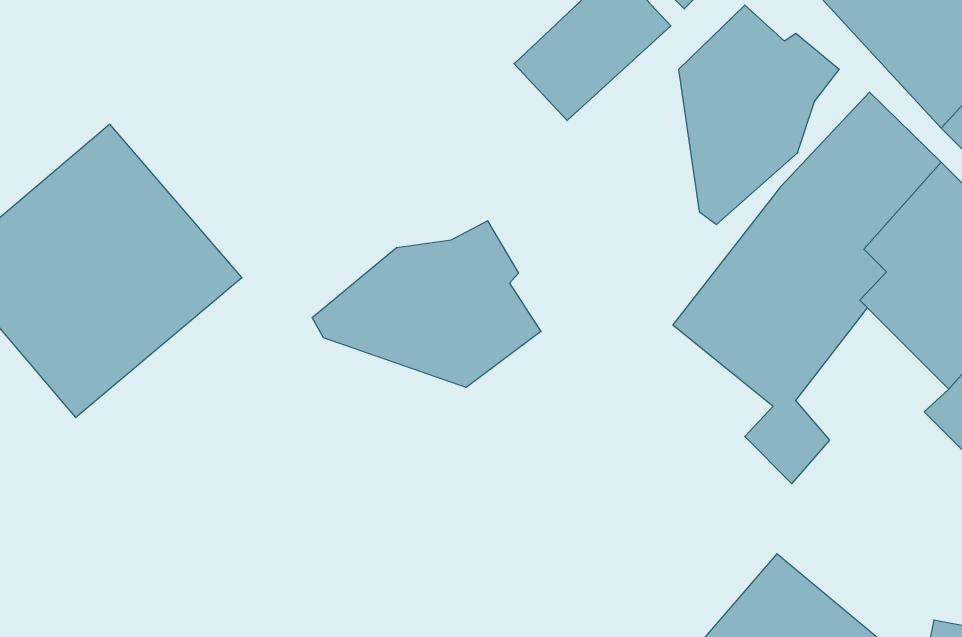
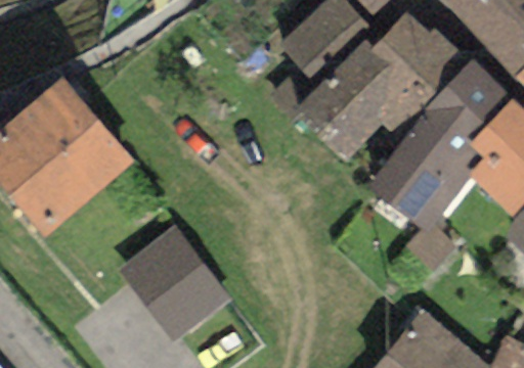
building: none -> [293,39,381,162]
building: [312,221,541,387] -> none
building: none -> [117,225,229,340]

